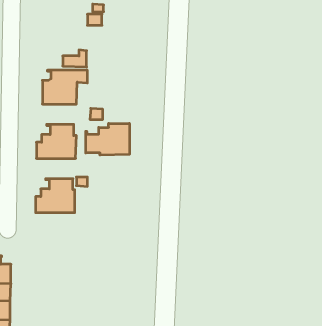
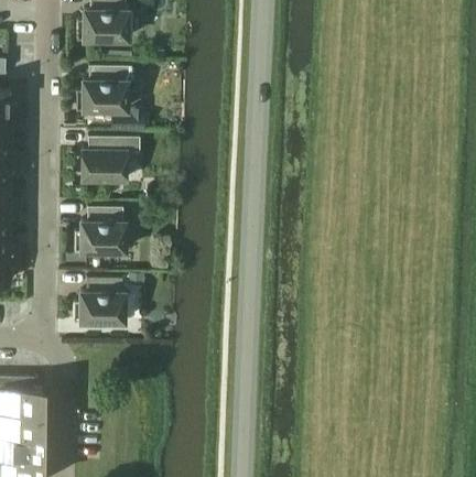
building: none -> [76,68,132,112]
building: [86,123,129,155] -> none

